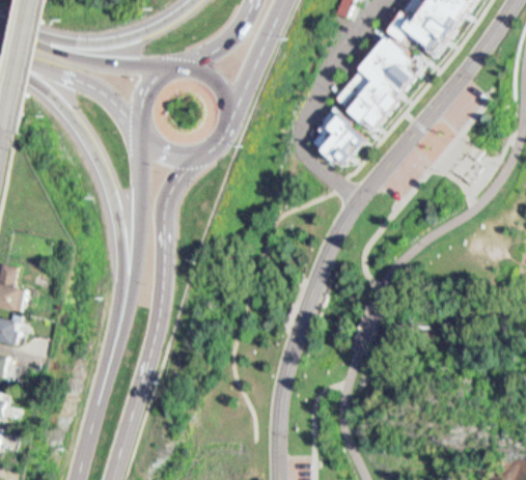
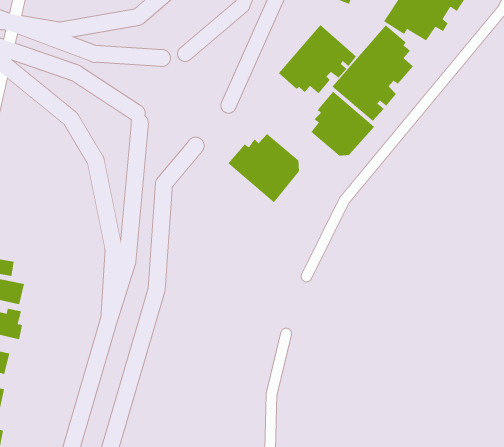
building: none -> [278,24,357,94]
building: none -> [227,133,300,203]

